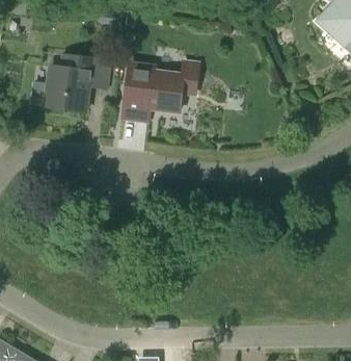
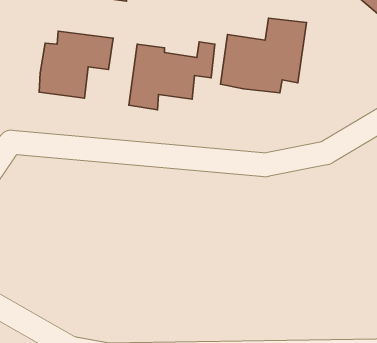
building: none -> [221,18,306,93]

